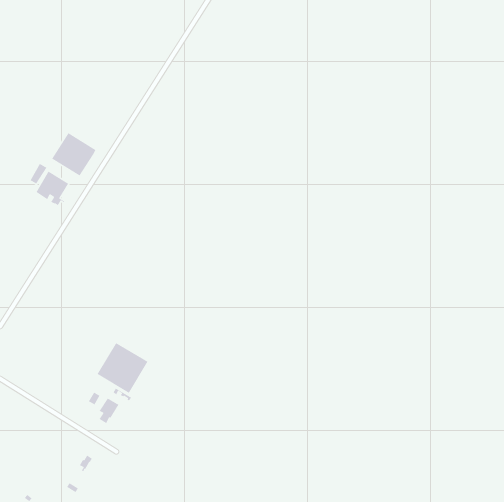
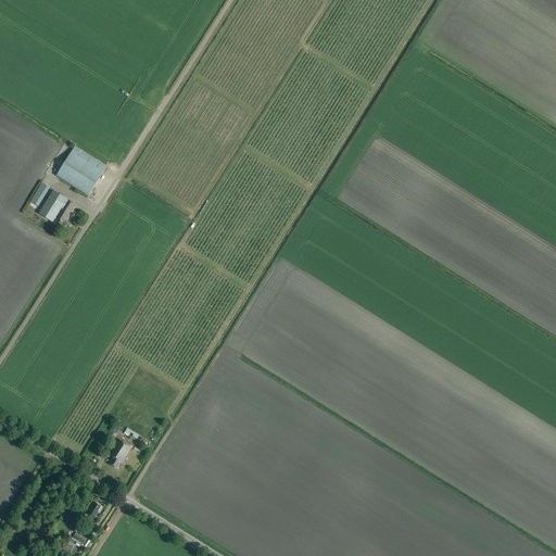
building: [96,342,149,394] -> none

